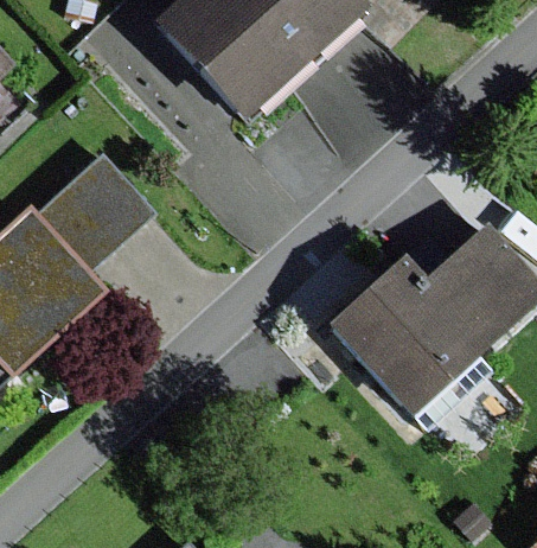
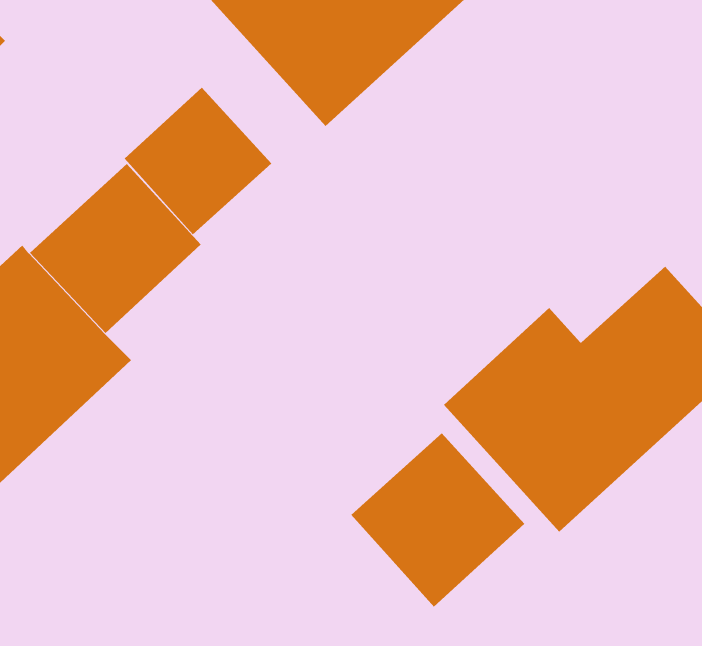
building: none -> [124,87,272,235]
building: none -> [350,433,525,608]

